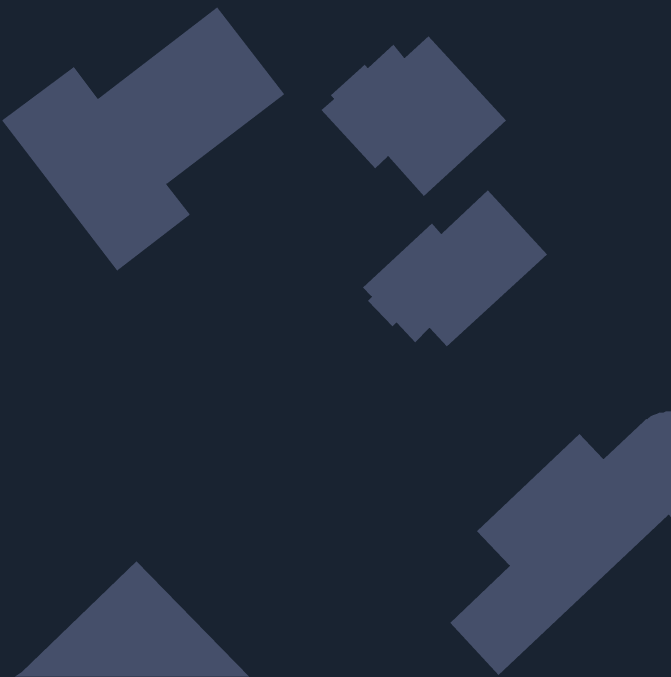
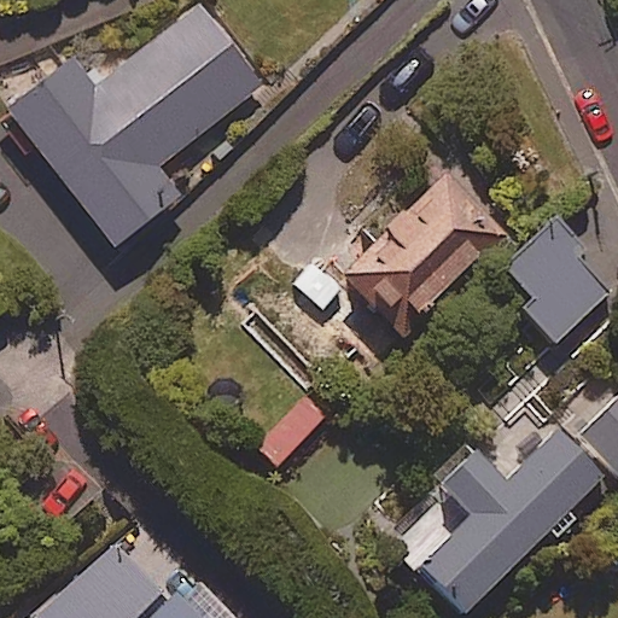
building: [321,36,507,197] -> none
building: none -> [502,217,608,345]

